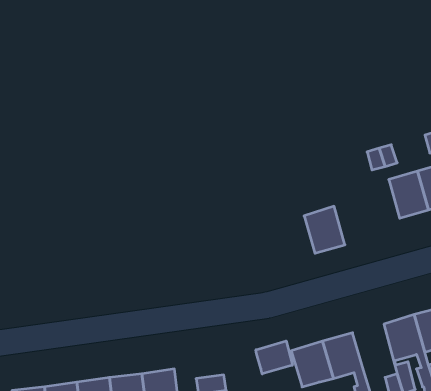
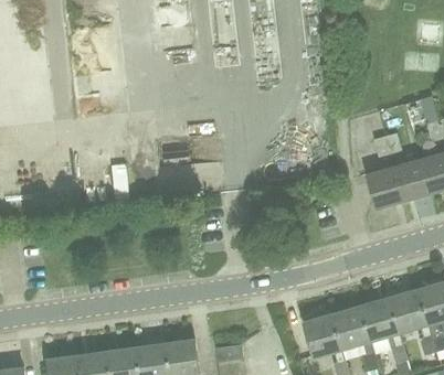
building: [304,206,345,253] -> [366,165,403,208]
building: none -> [360,298,398,340]
building: [256,341,292,374] -> none

